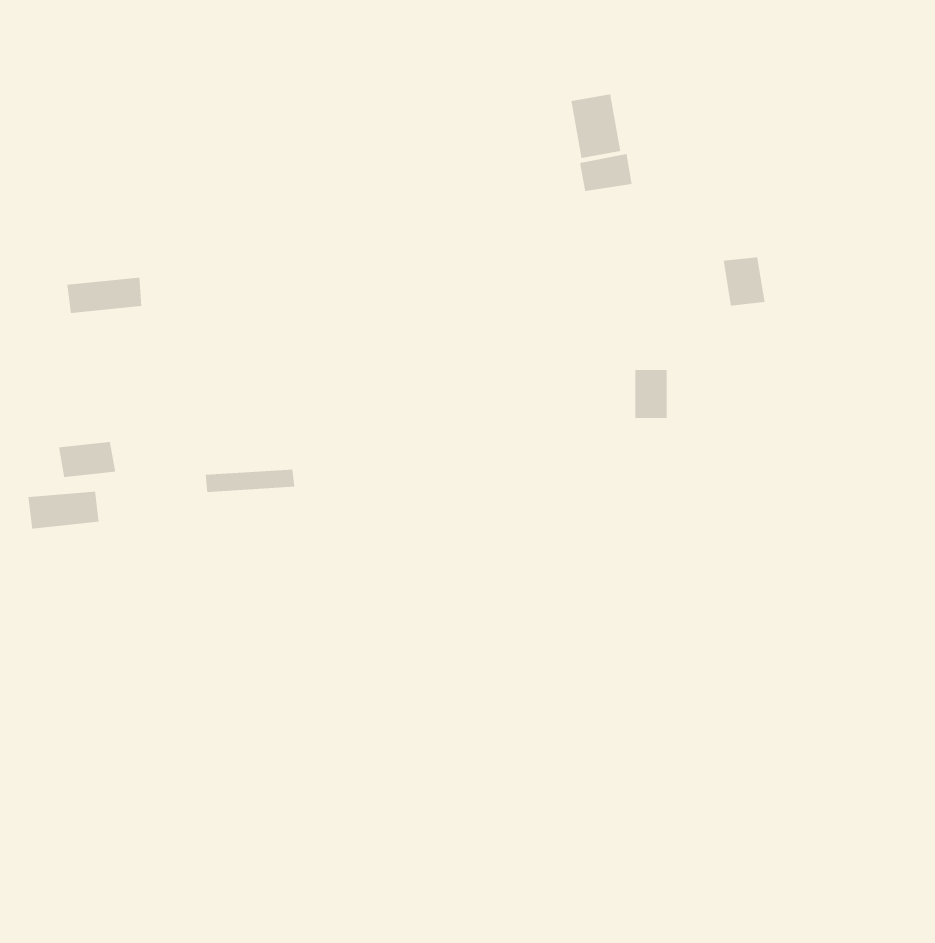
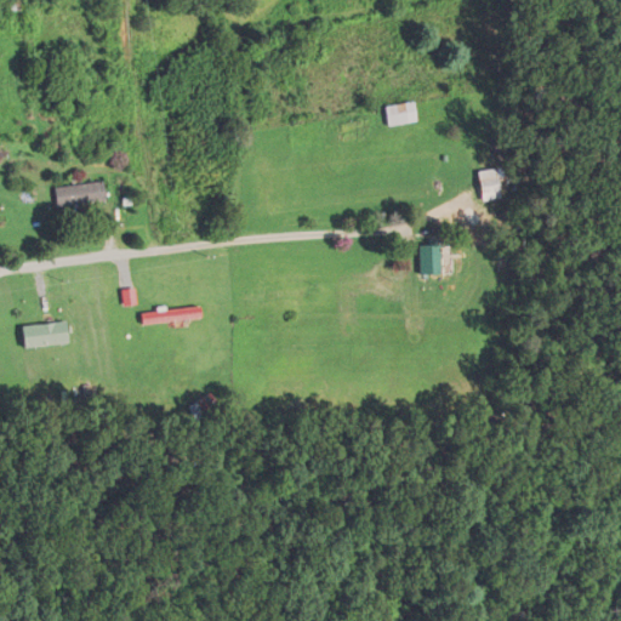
building: [571,93,621,159] -> none
building: [58,441,116,478] -> none

